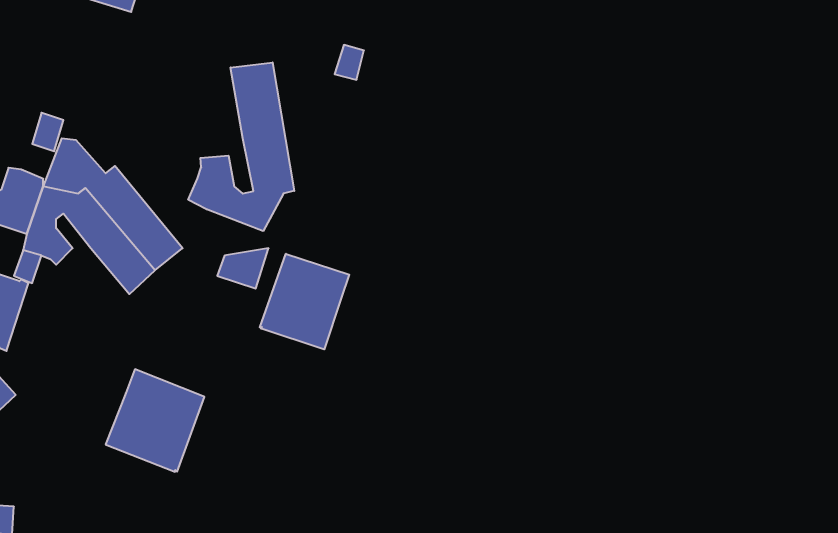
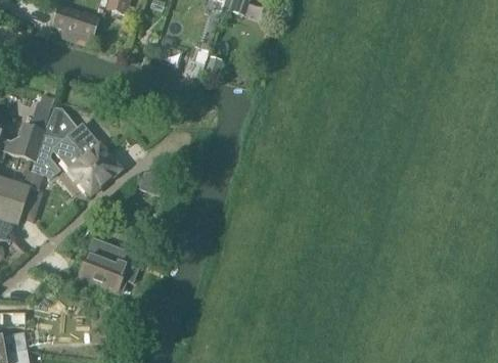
building: [188,62,294,231] -> none
building: [260,254,349,349] -> none

